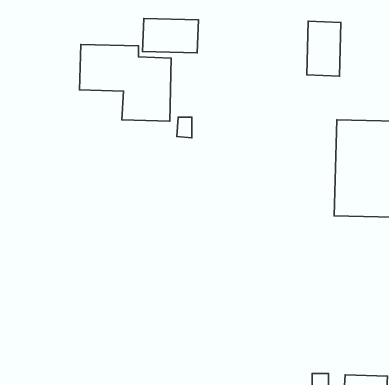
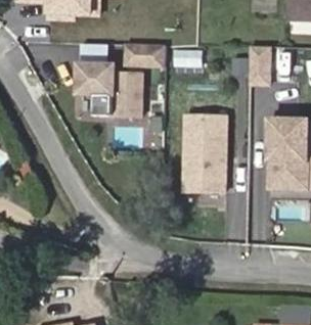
building: none -> [182,115,230,194]

